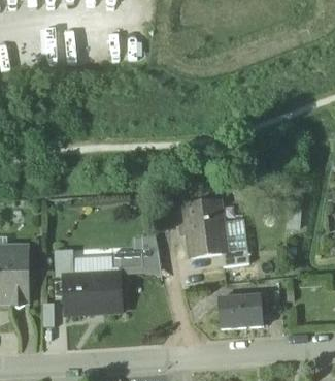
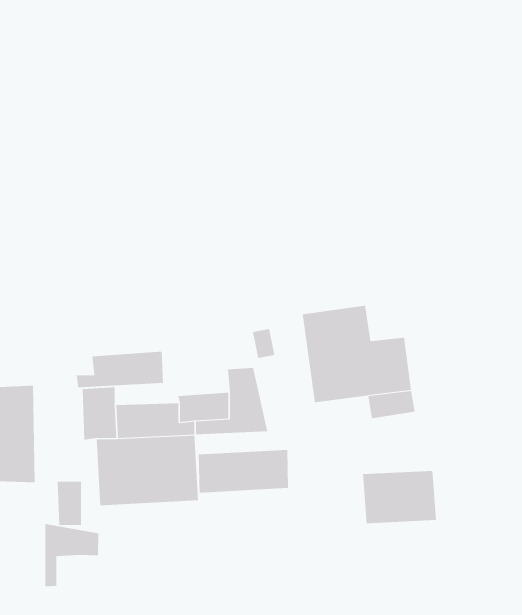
building: none -> [76,351,164,388]
building: none -> [198,449,289,493]
building: none -> [45,523,99,587]

